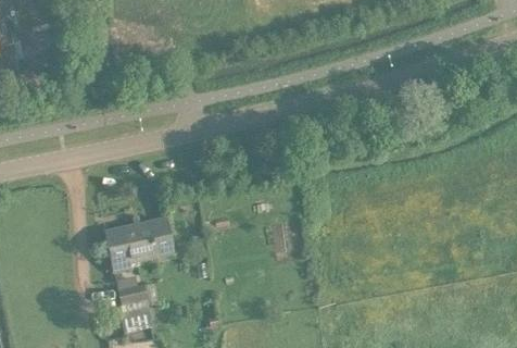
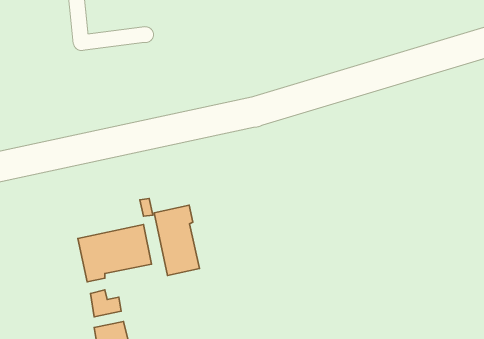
building: none -> [154,205,200,276]

